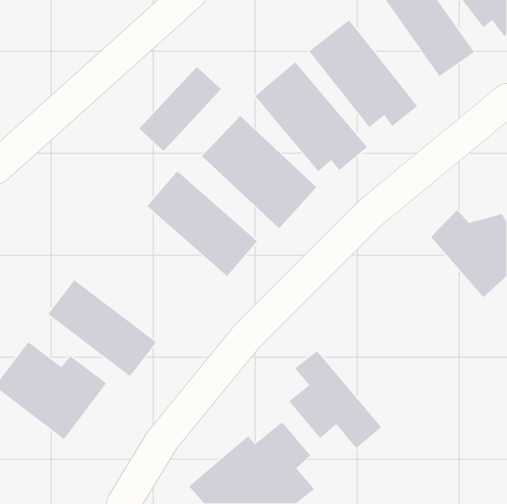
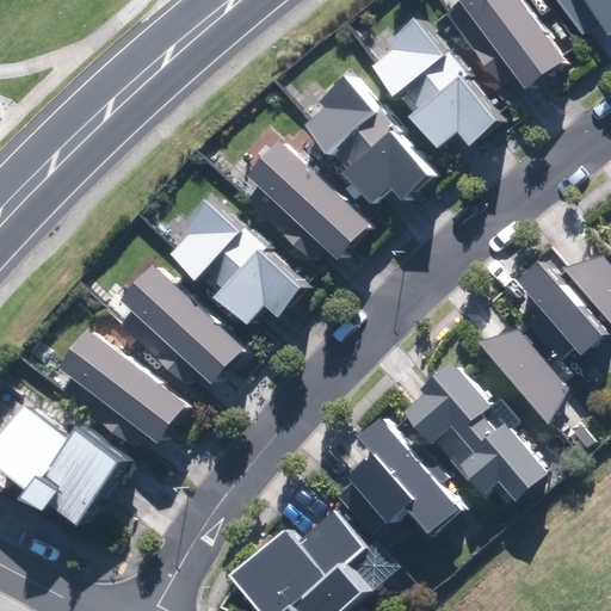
building: [138,66,222,152] -> none
building: none -> [115,263,248,389]
building: none -> [476,323,561,426]
building: none -> [412,359,548,506]

